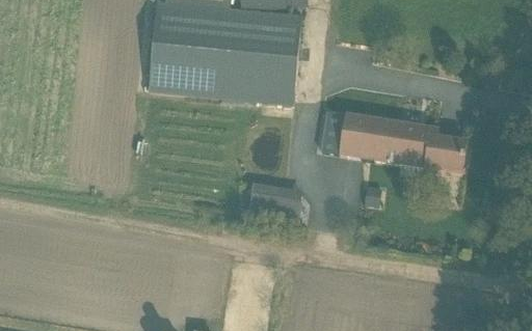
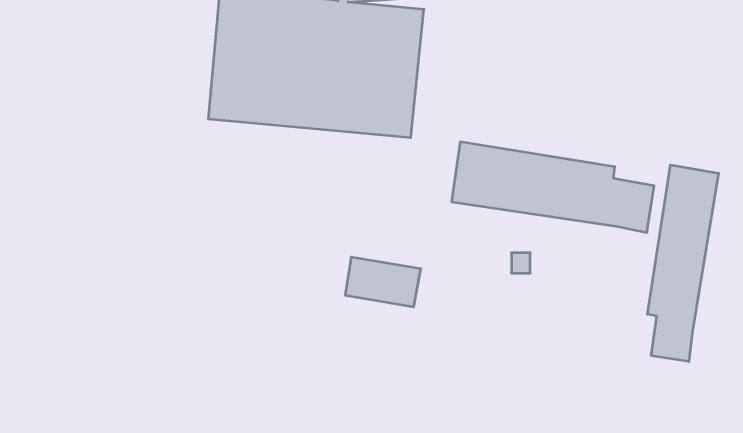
building: none -> [647,165,718,362]

